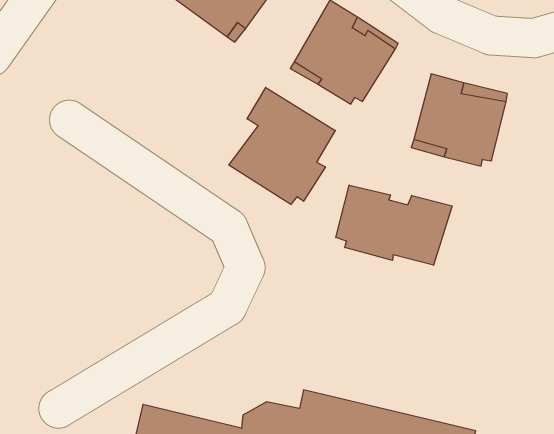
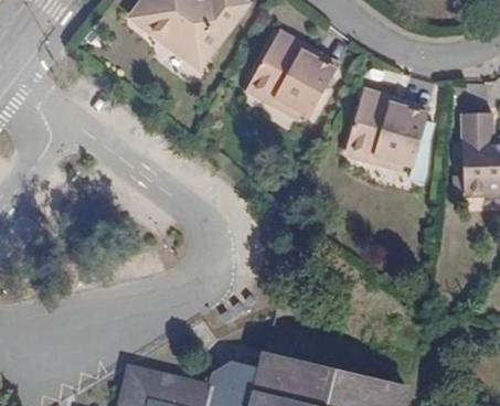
building: [229,87,335,204] -> none
building: [336,185,452,265] -> none

